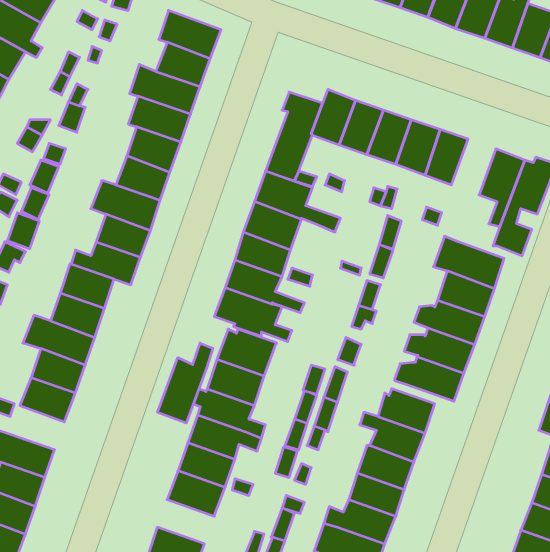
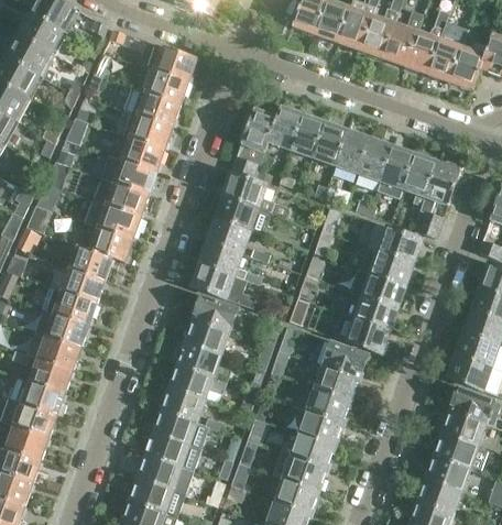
building: none -> [379,145,414,189]
building: [158,343,213,423] -> none
building: none -> [29,357,72,392]
building: none -> [145,431,190,467]

